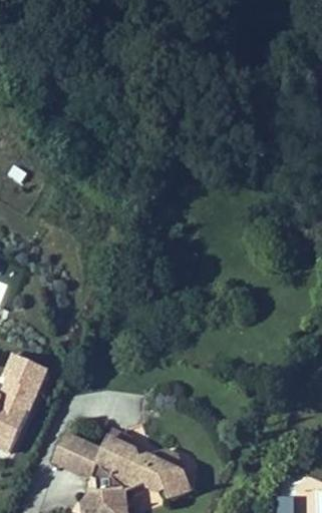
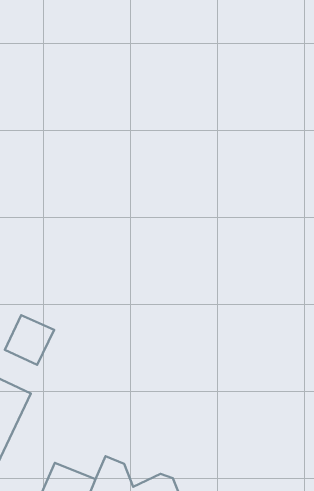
building: none -> [5,315,54,365]

